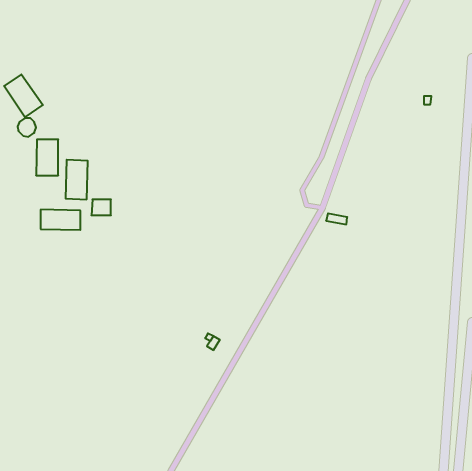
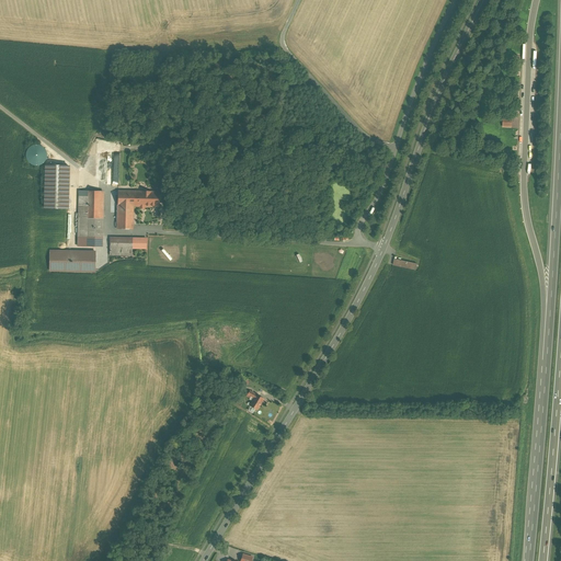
building: [4,74,43,117] -> none
building: none -> [116,190,159,229]

